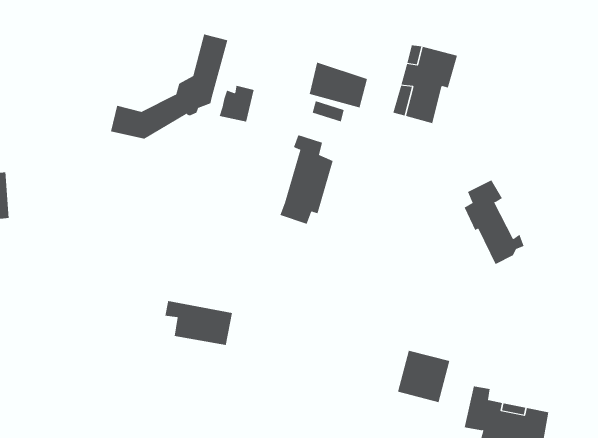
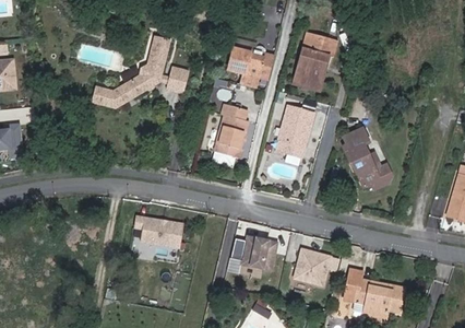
building: none -> [281,104,315,157]
building: none -> [241,235,277,269]

